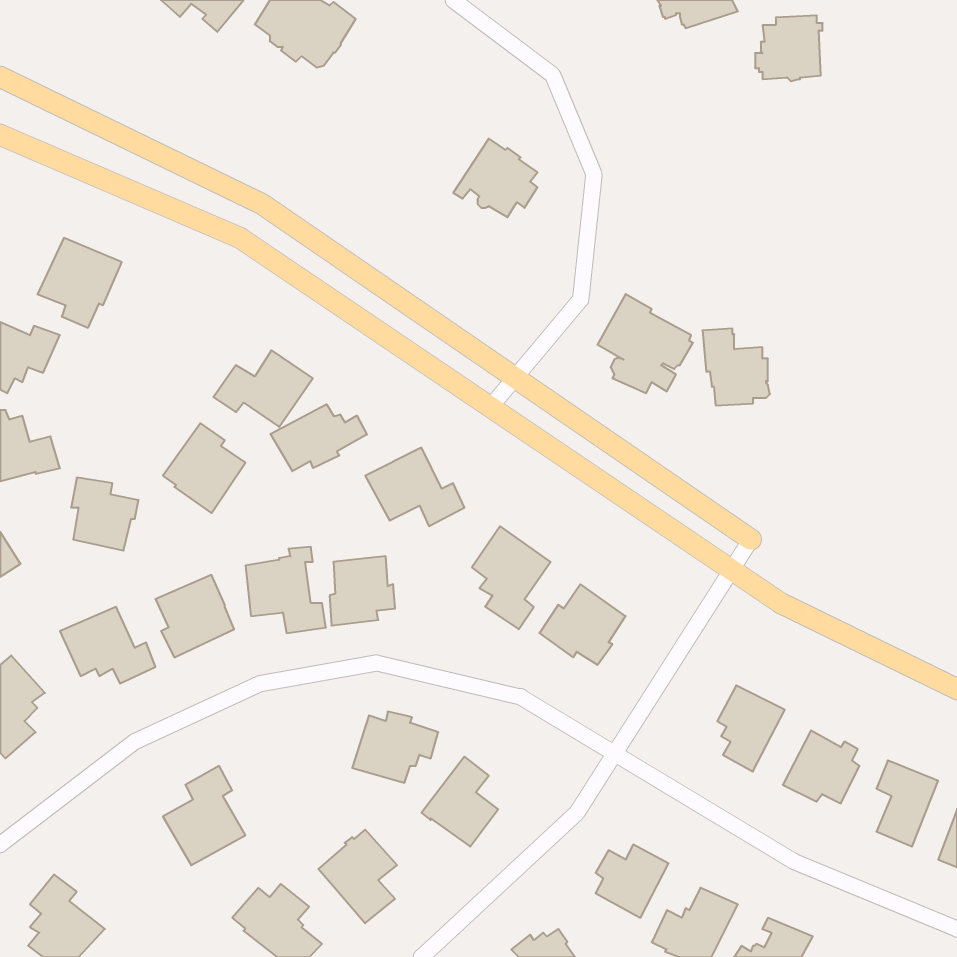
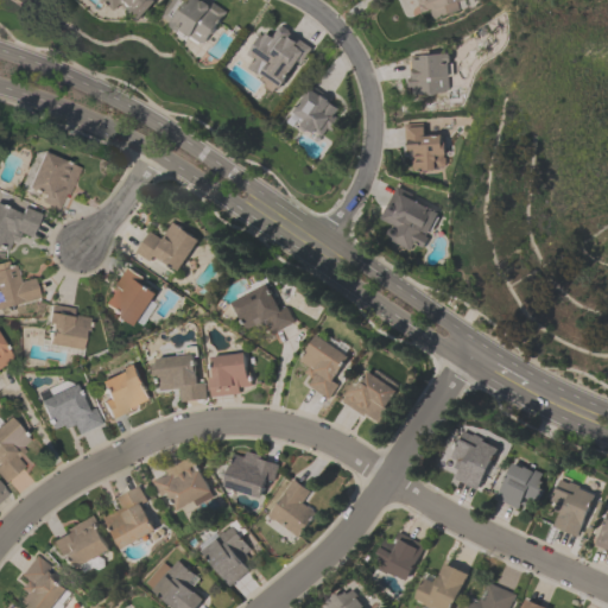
building: [755,16,823,81] -> [407,53,450,95]
building: none -> [247,26,311,93]
building: [702,329,770,405] -> [404,122,446,171]
building: [270,404,367,471] -> none
building: none -> [152,456,211,511]
building: none -> [51,514,108,568]

